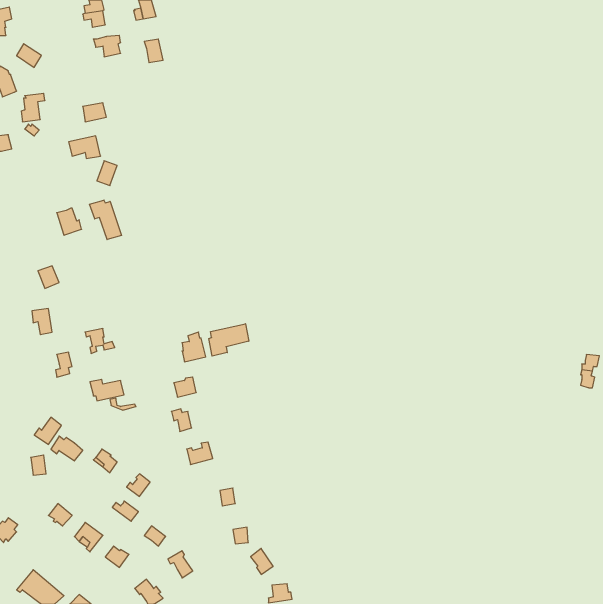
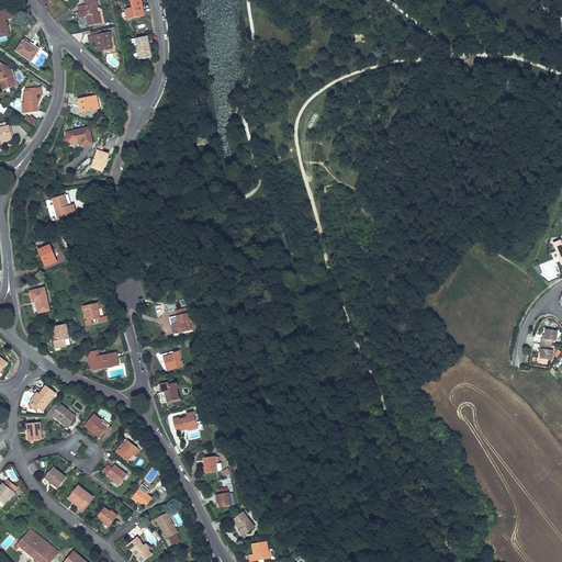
building: [90,200,121,240] -> none
building: [209,324,249,356] -> none

